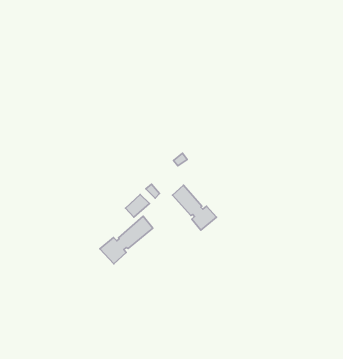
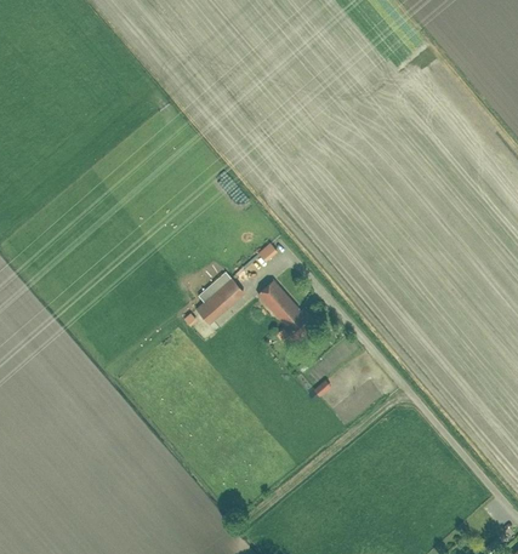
building: [100,216,153,264] -> none

